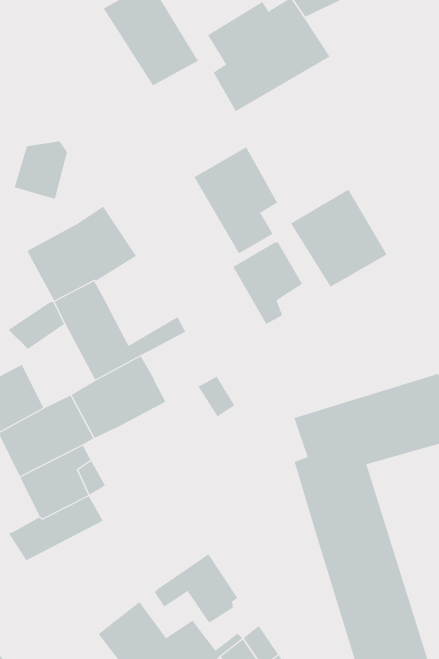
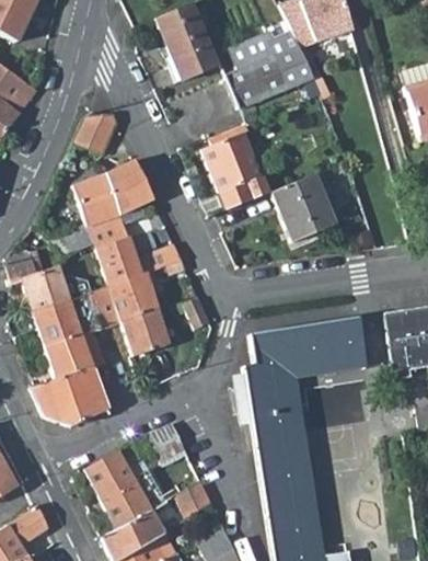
building: [232,242,303,325] -> none
building: none -> [122,309,170,355]
building: none -> [41,388,107,426]

